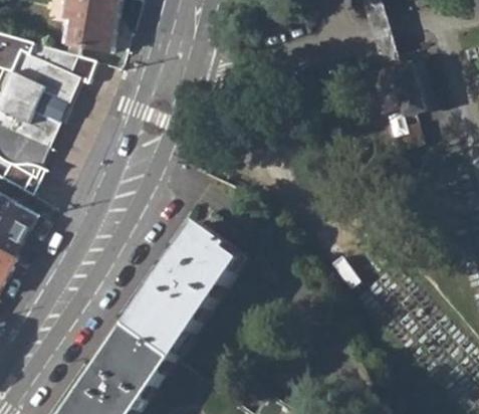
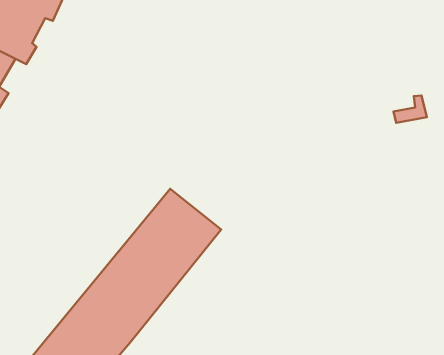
building: [368,63,421,116] -> none

